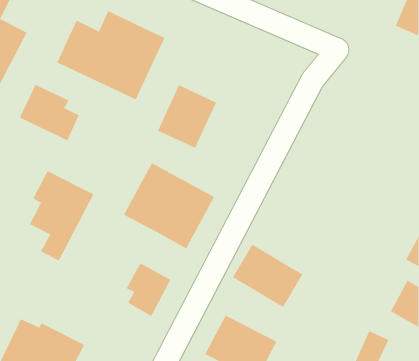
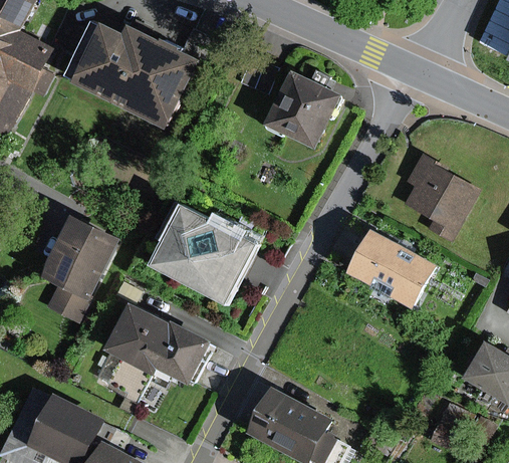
building: [19,84,79,141] -> none
building: [157,84,217,149] -> [267,74,337,150]
building: none -> [393,159,476,237]
building: [232,244,303,308] -> [352,231,436,306]
building: none -> [105,303,171,377]

